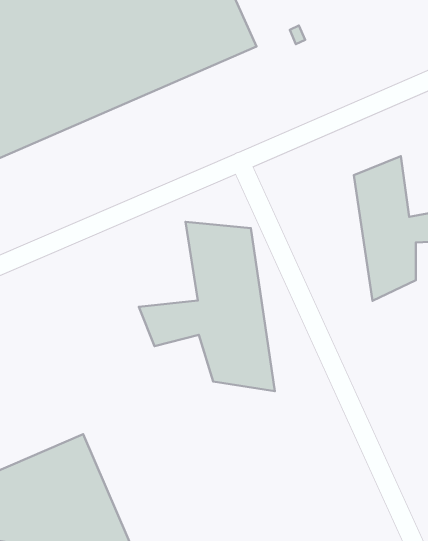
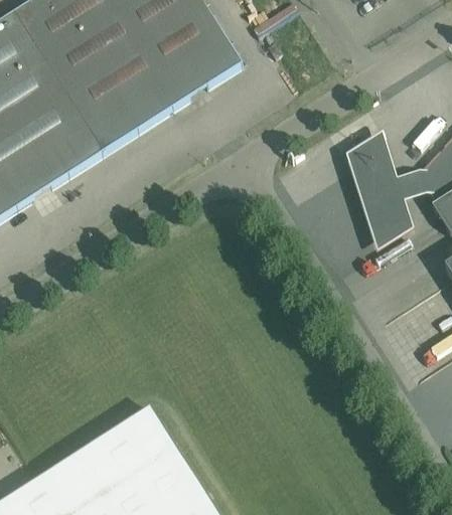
building: [139,222,275,391] -> none

